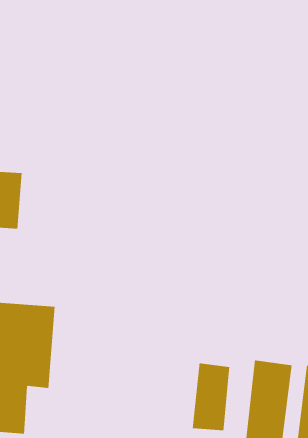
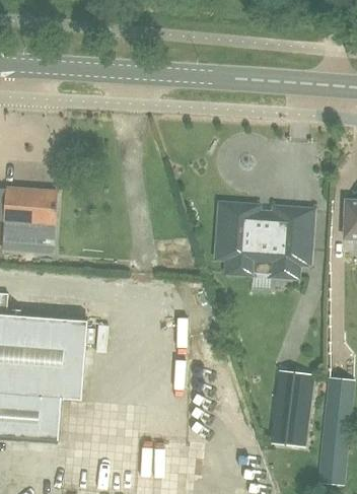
building: none -> [217,205,313,278]
building: [192,362,230,431] -> none

